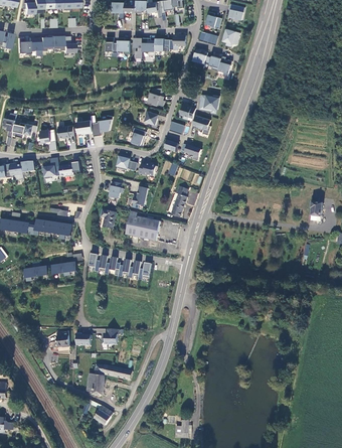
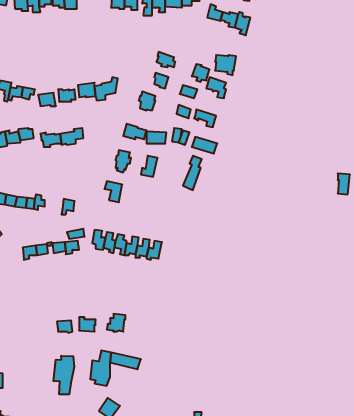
building: [126,214,160,241] -> none
building: none -> [53,356,74,394]

